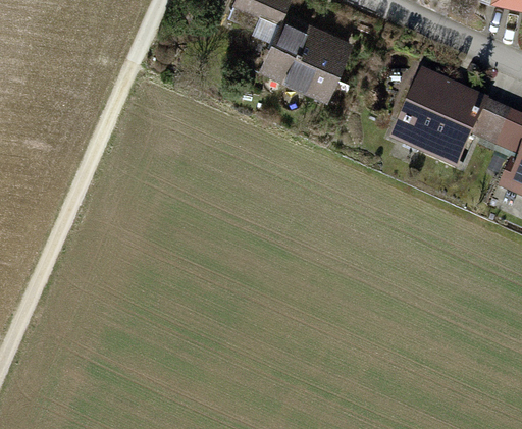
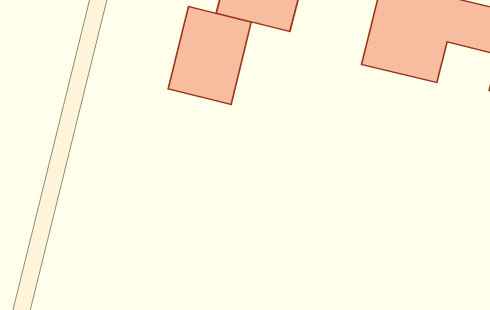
building: none -> [168,6,251,105]

